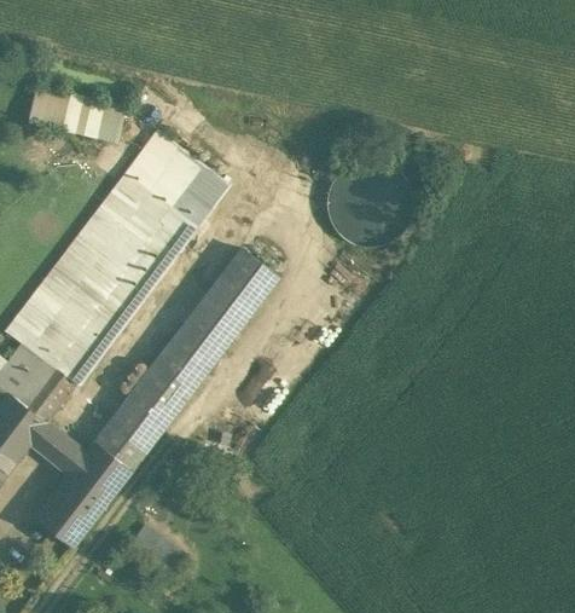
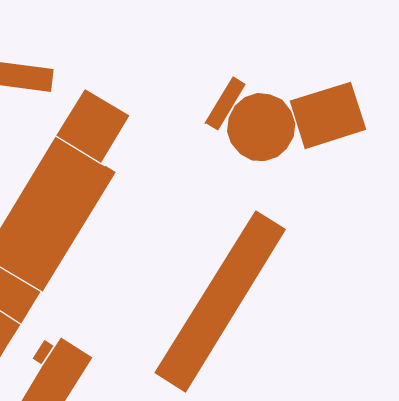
building: none -> [289,81,367,150]
building: [167,173,226,242] -> [203,75,247,132]
building: [94,248,279,470] -> [153,209,287,394]
building: [29,421,74,464] -> none

